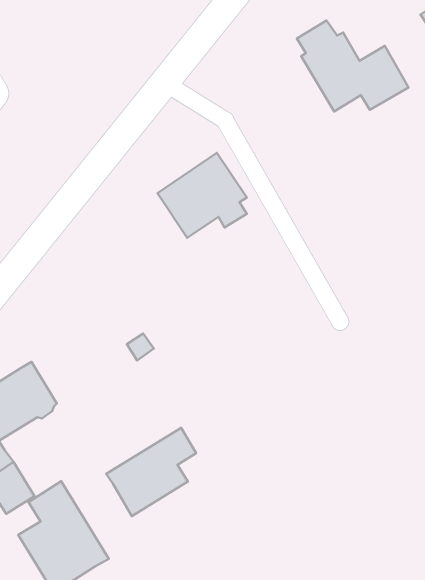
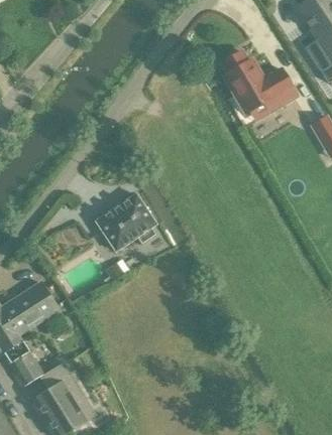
building: [157,153,247,238] -> [96,194,156,252]
building: [106,428,196,516] -> none

